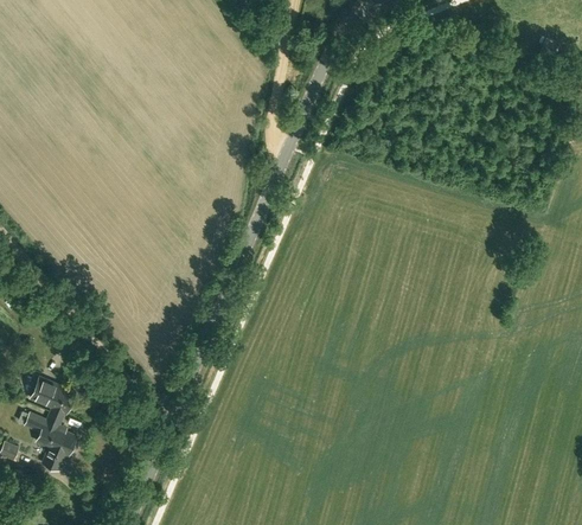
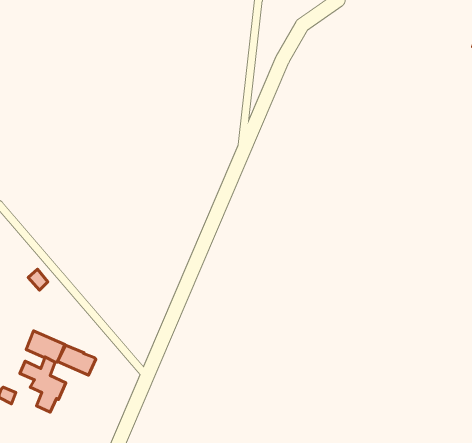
building: none -> [58,345,96,375]

